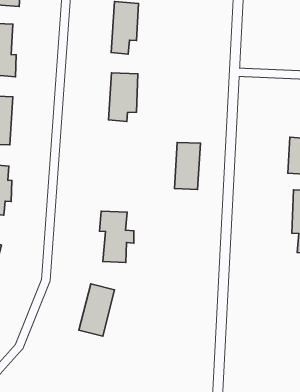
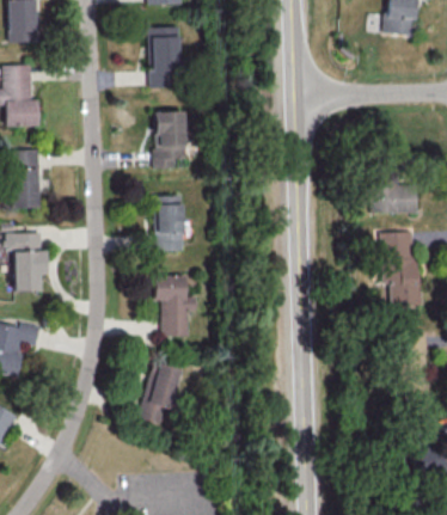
building: [174,142,200,189] -> [155,196,184,252]

